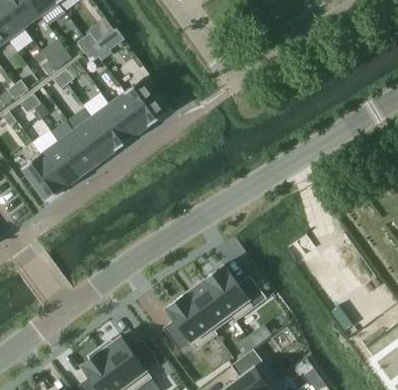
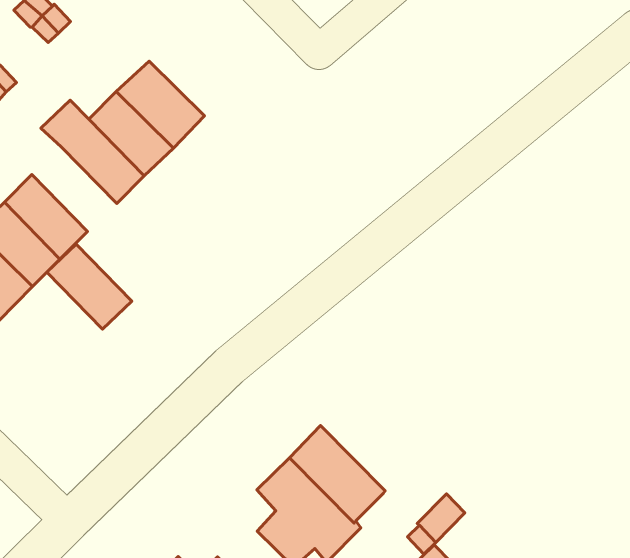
building: [74,116,115,162] -> [47,244,132,329]
building: [204,265,266,322] -> none

